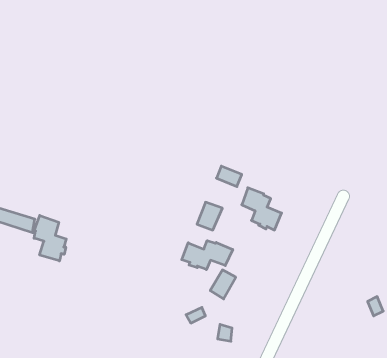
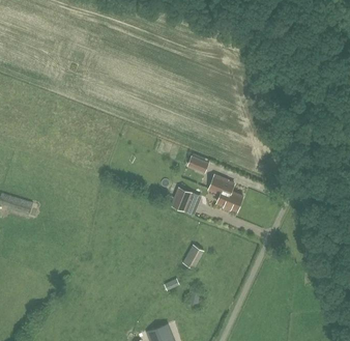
building: [34,215,66,261] -> none
building: [182,241,233,270] -> none

